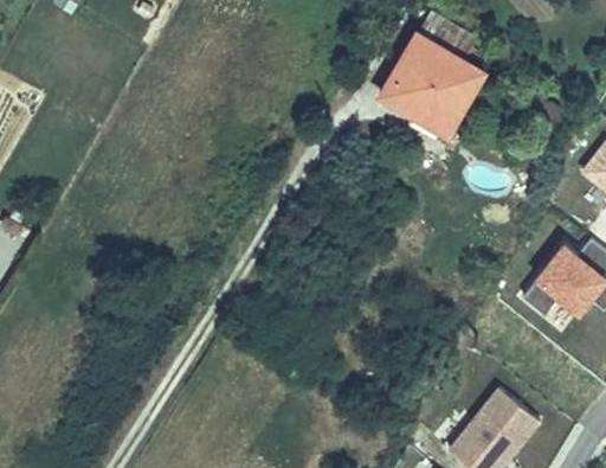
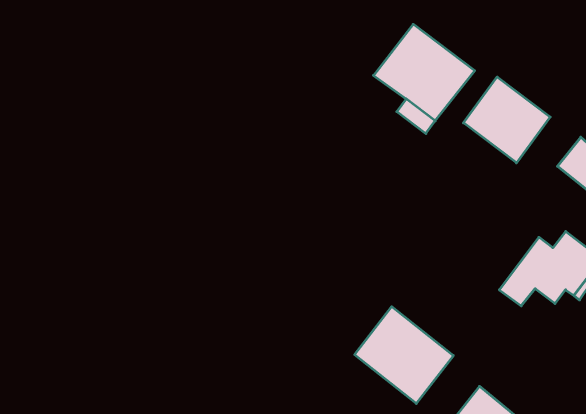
building: none -> [463,77,550,163]
building: none -> [355,307,453,404]

